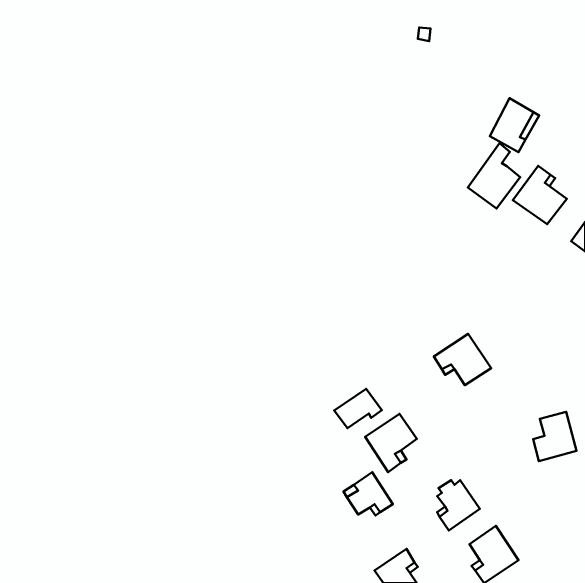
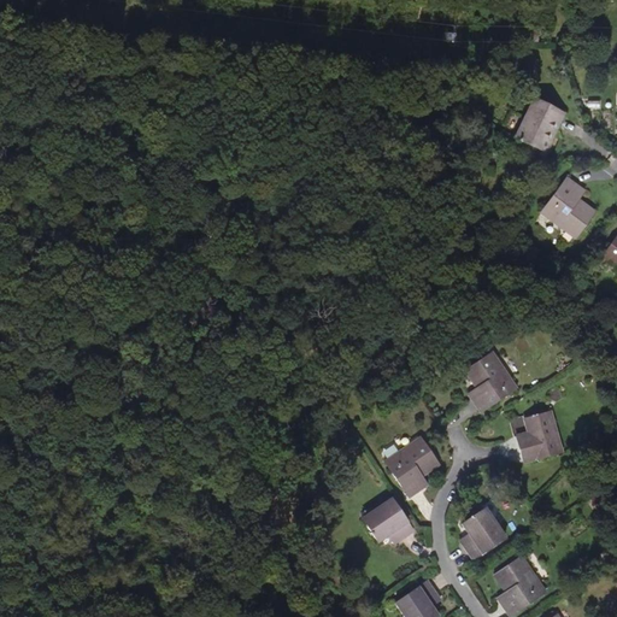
building: [468,143,520,209] -> none
building: [334,389,382,428] -> none
building: [533,412,577,461] -> [515,411,560,463]

